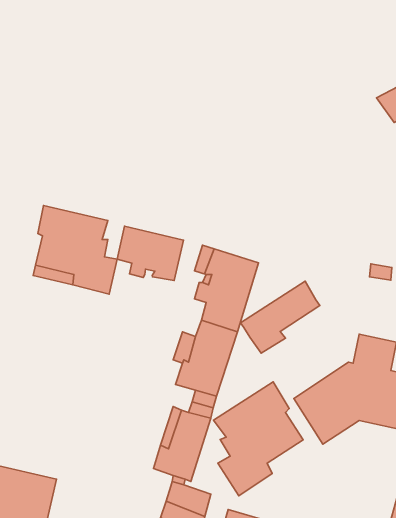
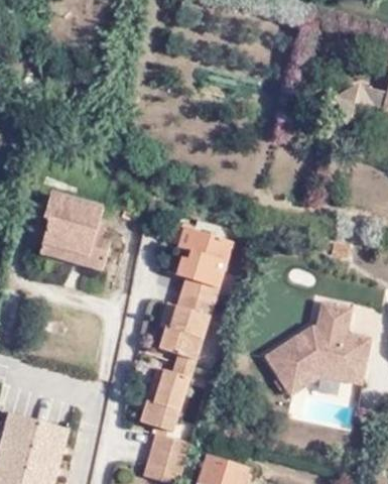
building: [117,226,183,280] -> none
building: [240,281,320,353] -> none
building: [213,382,303,496] -> none

